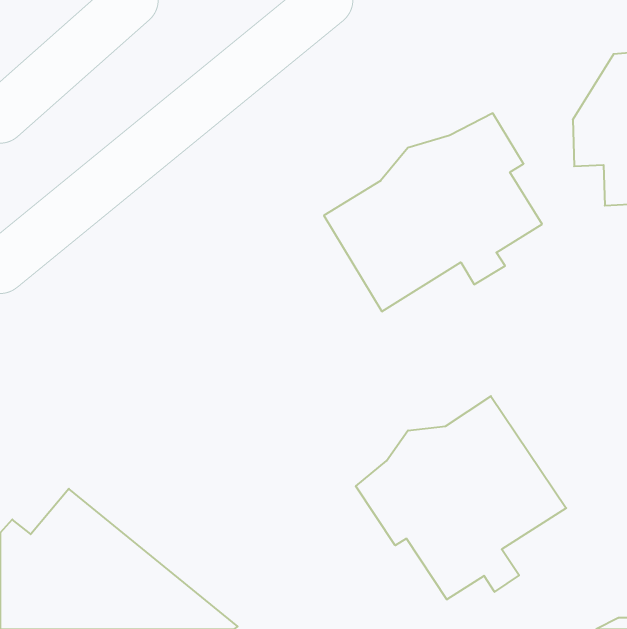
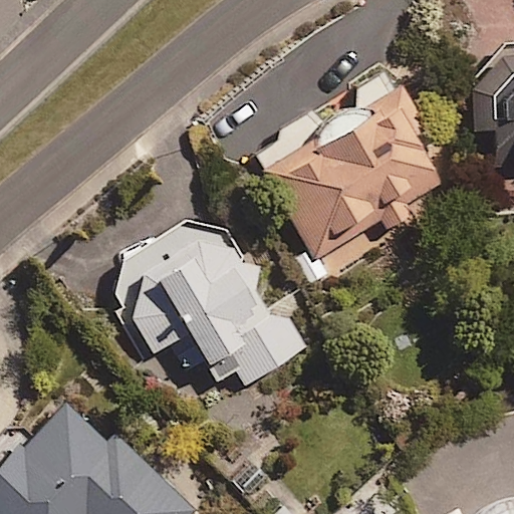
building: none -> [117,222,303,389]
building: [356,396,566,600] -> none

